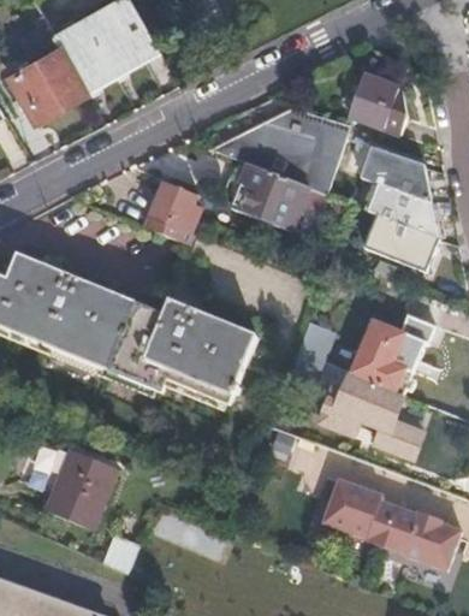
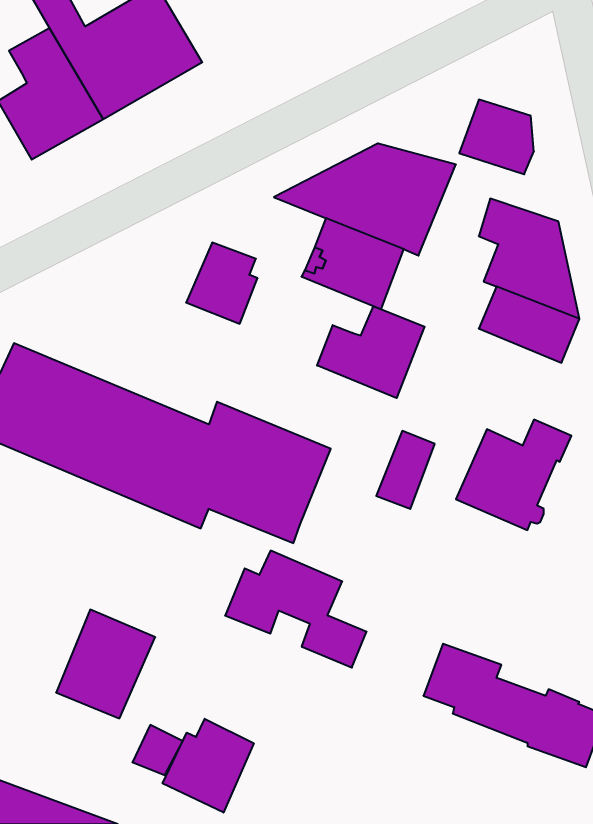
building: none -> [317,306,425,398]
building: [314,372,418,458] -> [225,551,367,668]
building: none -> [163,719,254,813]

